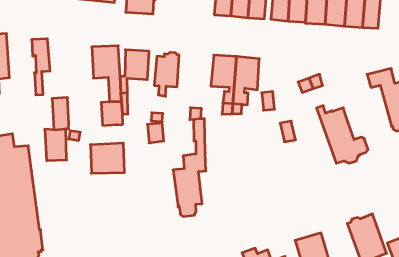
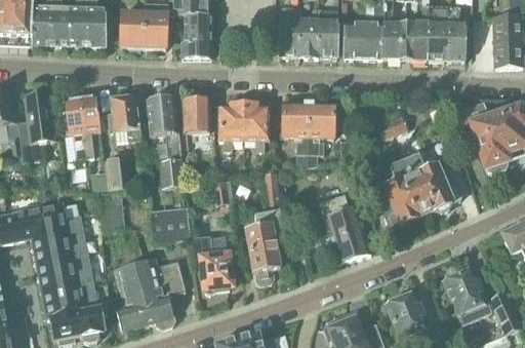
building: none -> [63,95,85,159]
building: none -> [107,95,140,141]
building: none -> [243,101,269,150]
building: none -> [381,153,427,227]
building: none -> [319,193,370,263]
building: none -> [194,236,232,294]
building: none -> [119,258,186,328]

